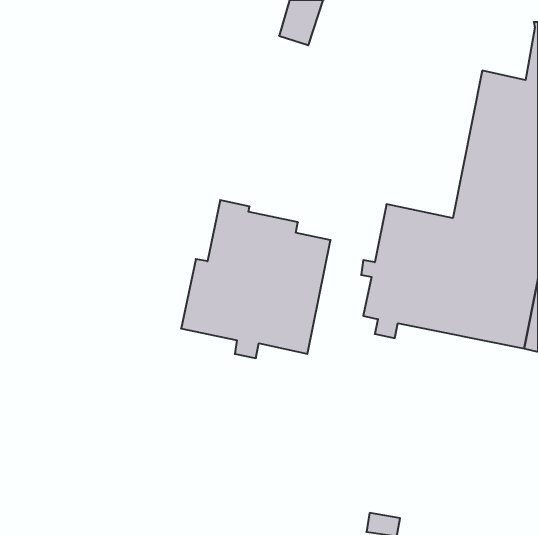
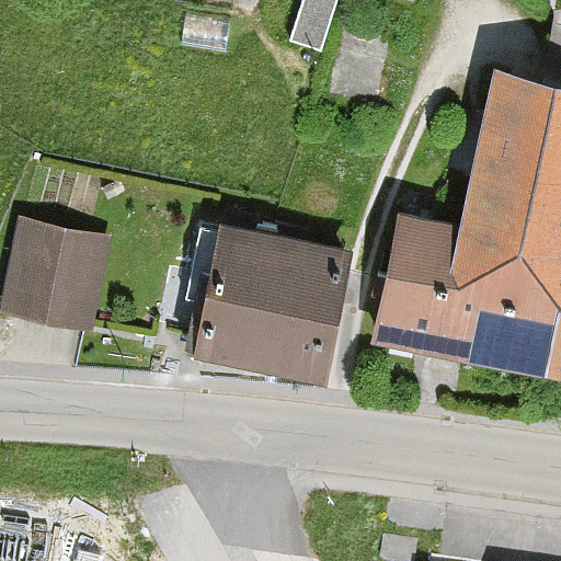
building: none -> [7,224,104,319]

